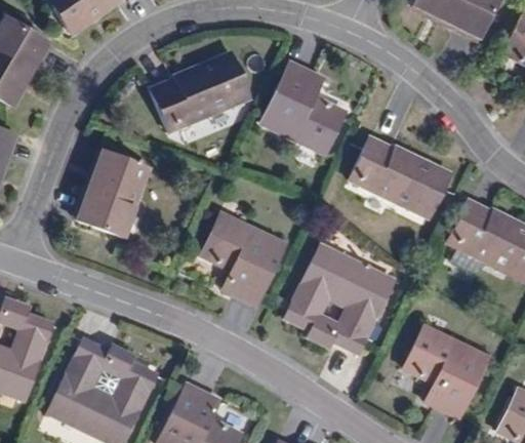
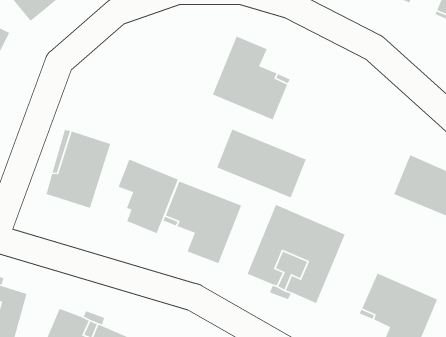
building: [152,55,250,130] -> none
building: [351,137,448,216] -> [216,128,307,199]
building: none -> [118,159,179,234]

